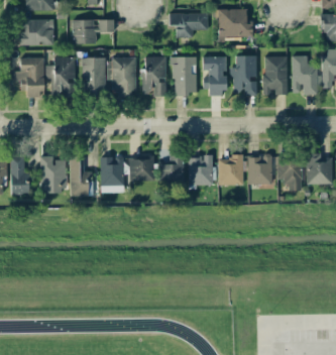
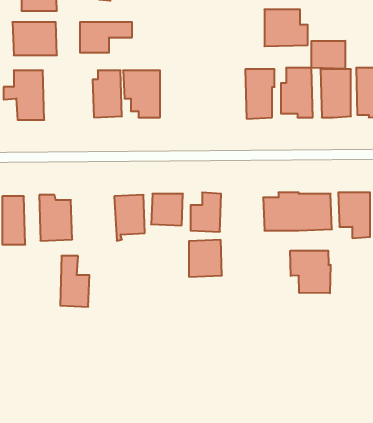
building: [170,13,208,37] -> none
building: none -> [311,41,345,69]
building: [143,56,167,95] -> none
building: [174,56,197,95] -> none
building: [52,57,76,96] -> none
building: [70,155,93,196] -> [60,256,89,307]
building: [189,155,215,185] -> [189,240,222,277]
building: none -> [290,251,331,293]

